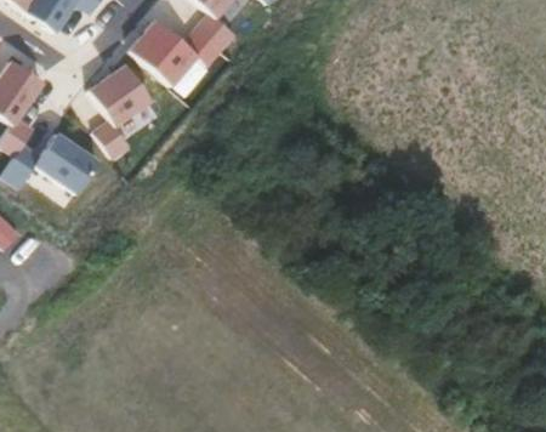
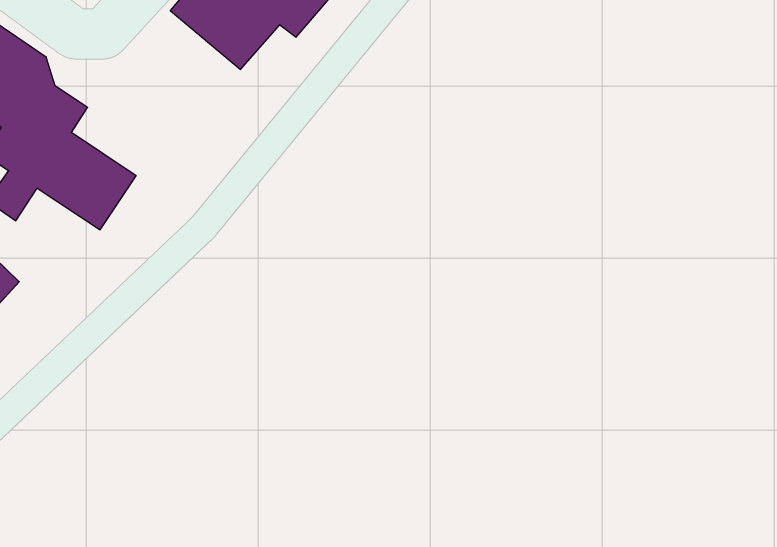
building: [69,61,154,158] -> none

